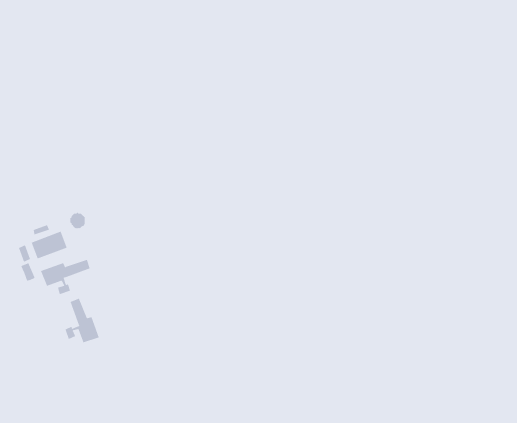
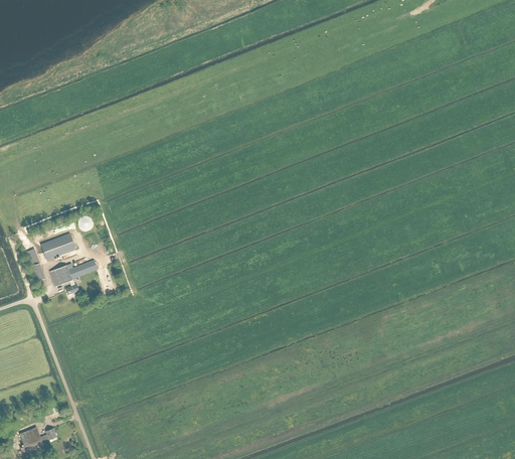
building: [65,298,100,343] -> none

